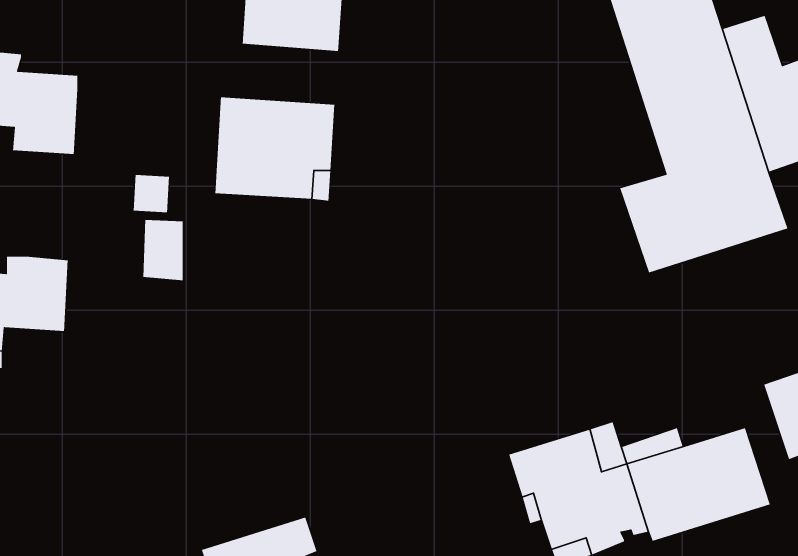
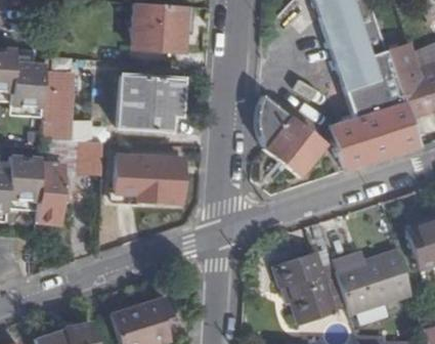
building: none -> [43,72,74,139]
building: none -> [258,97,325,176]
building: none -> [37,154,64,221]
building: none -> [115,155,181,202]

